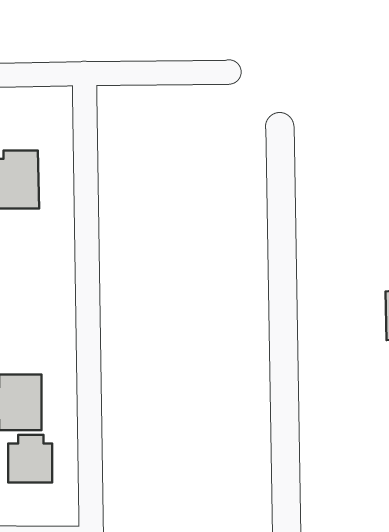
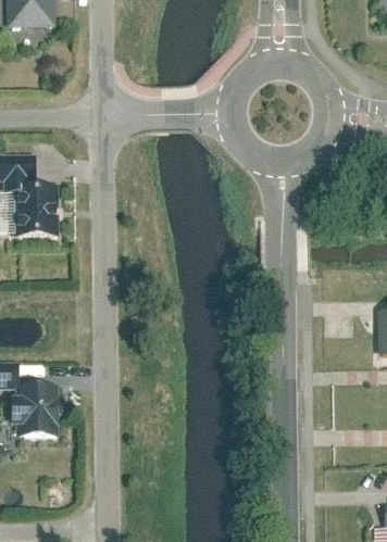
building: [8,435,52,483] -> none

